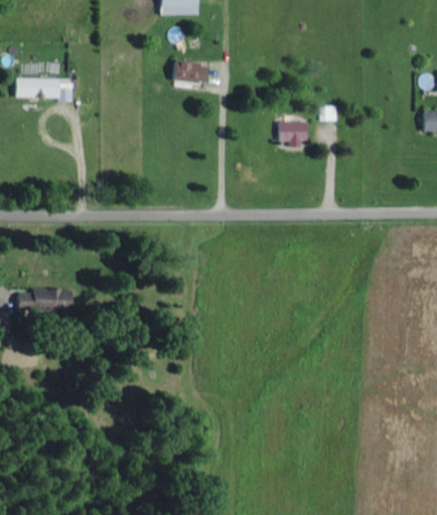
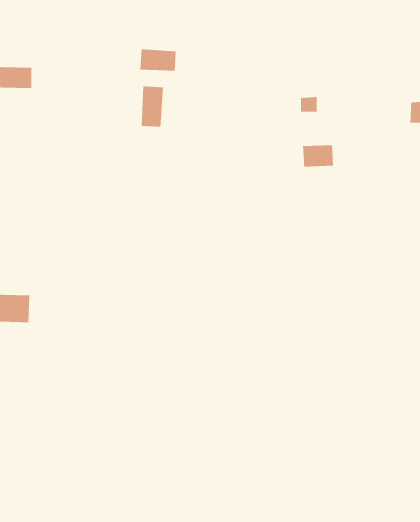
building: none -> [141,86,164,127]
building: [279,120,308,141] -> [302,145,334,167]

